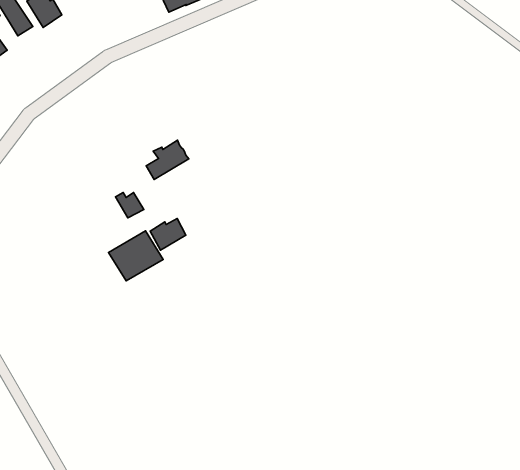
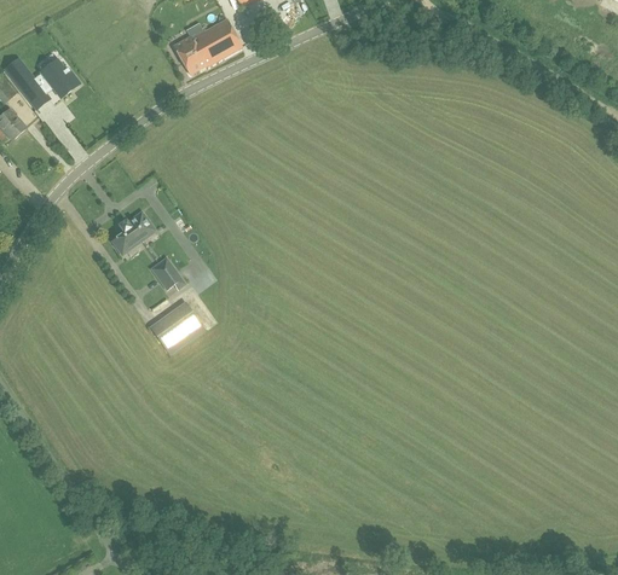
building: [146,140,189,179] -> [111,211,155,254]
building: [150,218,186,250] -> none

